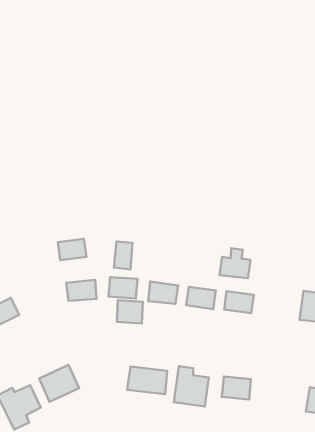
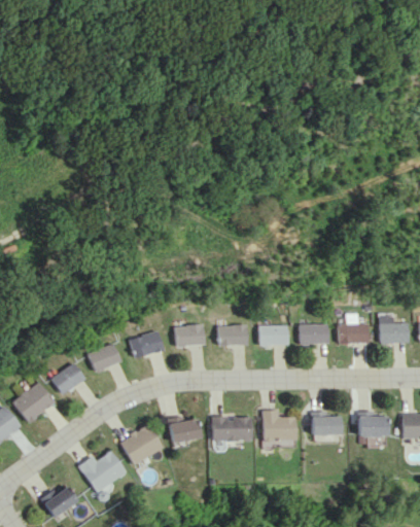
building: [58,239,86,260] -> [91,345,122,371]
building: [114,242,132,270] -> none
building: [220,248,250,278] -> [340,314,370,344]
building: [117,300,143,324] -> none
building: none -> [167,416,199,444]
building: none -> [357,414,386,436]

